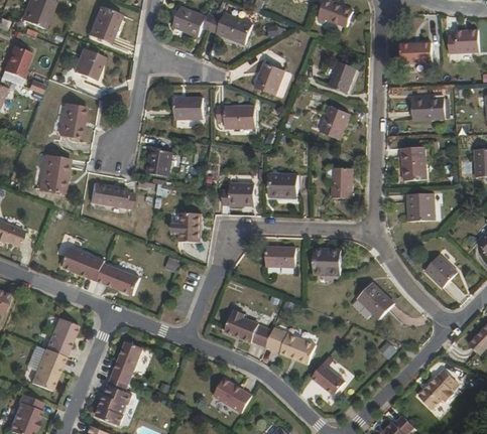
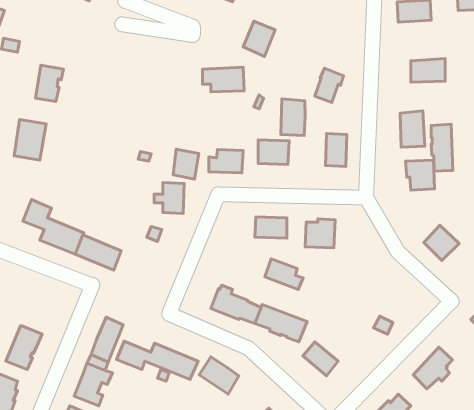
building: [73,47,103,80] -> none
building: [329,60,356,93] -> none
building: [174,97,203,118] -> none
building: none -> [281,99,305,136]
building: [147,148,171,176] -> [173,149,199,179]
building: none -> [431,124,453,171]
building: [90,182,133,207] -> none
building: [357,282,393,319] -> none
building: none -> [265,259,303,290]
building: [45,318,77,356] -> none
building: none -> [116,341,198,379]

